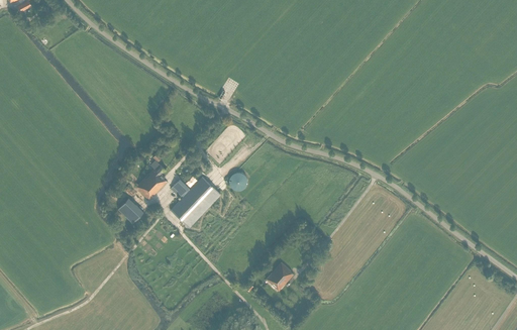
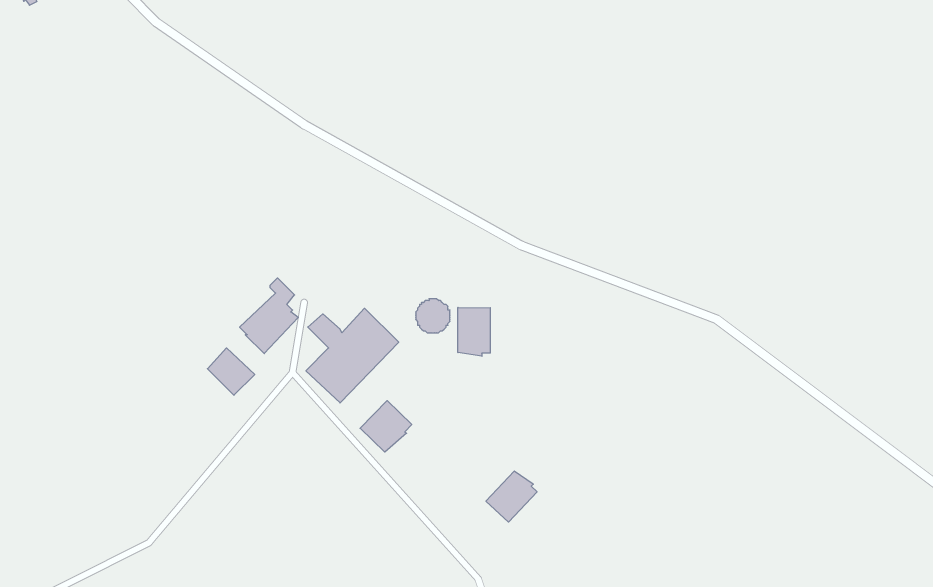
building: none -> [458,307,490,356]
building: none -> [360,401,412,452]

